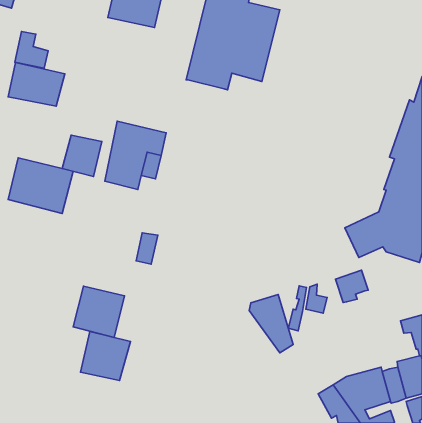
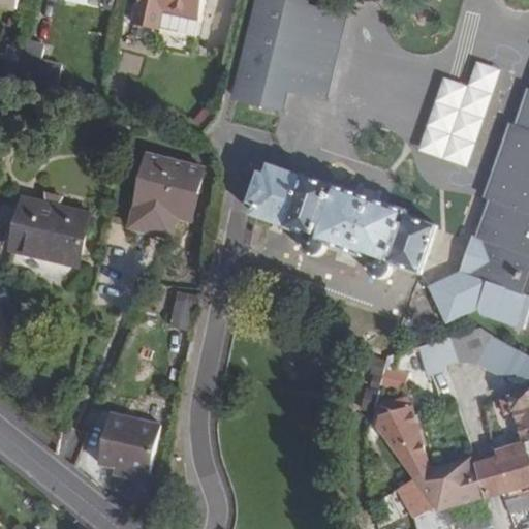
building: none -> [412,58,494,164]
building: [8,62,65,106] -> none
building: none -> [252,165,435,274]
building: [62,135,102,177] -> none
building: none -> [449,328,518,376]
building: [73,286,124,338] -> none
building: [249,295,293,353] -> [376,406,431,478]

